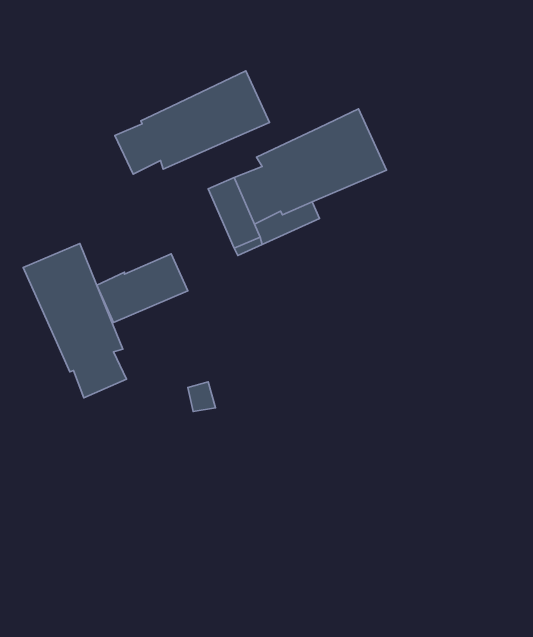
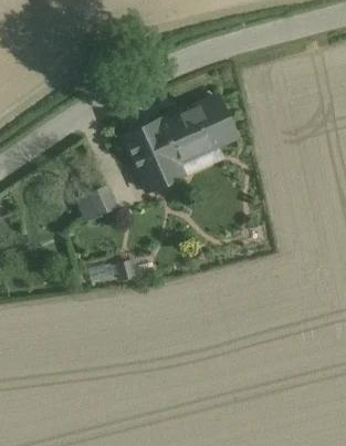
building: [115,71,270,174] -> none
building: [23,243,126,398] -> none

